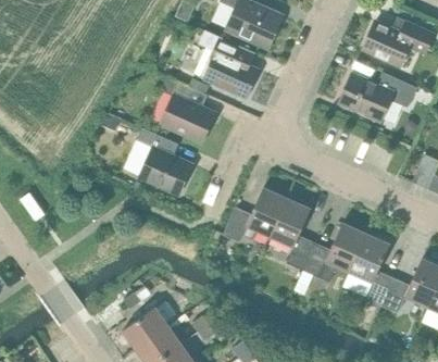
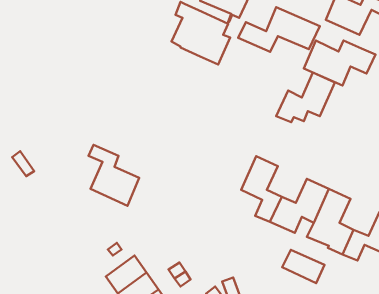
building: none -> [238,7,320,52]
building: [161,78,215,143] -> none
building: [137,129,192,196] -> [89,145,139,206]
building: [223,188,287,242] -> [276,72,335,122]
building: none -> [282,250,325,283]

